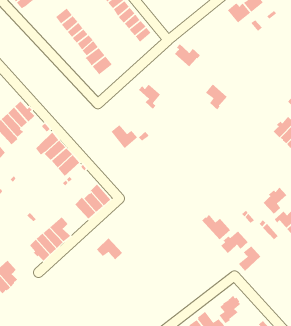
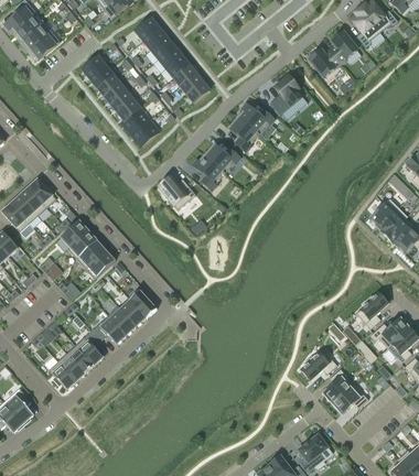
building: none -> [272,76,303,113]
building: none -> [206,144,240,173]
building: [205,84,227,110] -> [229,117,259,152]
building: [110,124,138,149] -> [159,176,195,209]
building: [201,214,231,240] -> none
building: [96,238,123,260] -> [92,315,127,345]
building: none -> [332,383,368,413]

